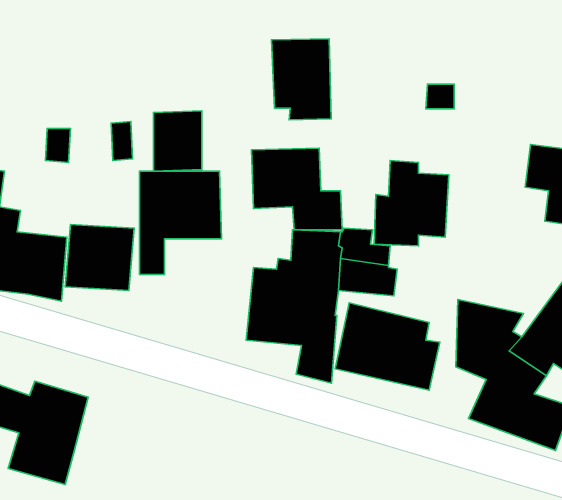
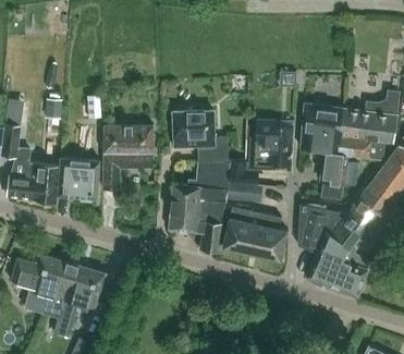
building: [272,39,331,120] -> none
building: [153,111,202,171] -> none
building: none -> [301,103,357,200]
building: none -> [58,264,106,321]

